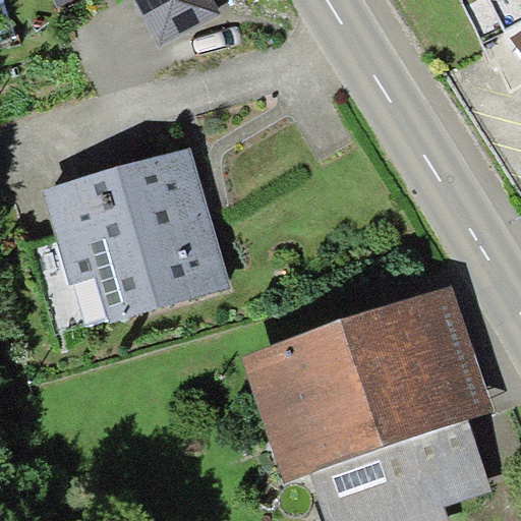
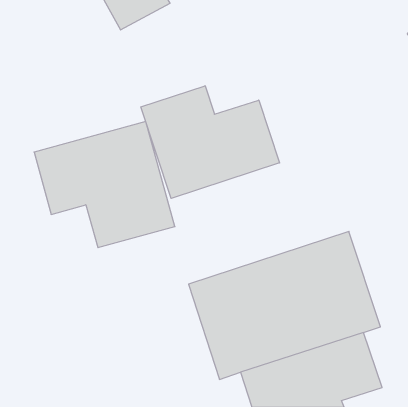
building: none -> [141,86,280,198]

